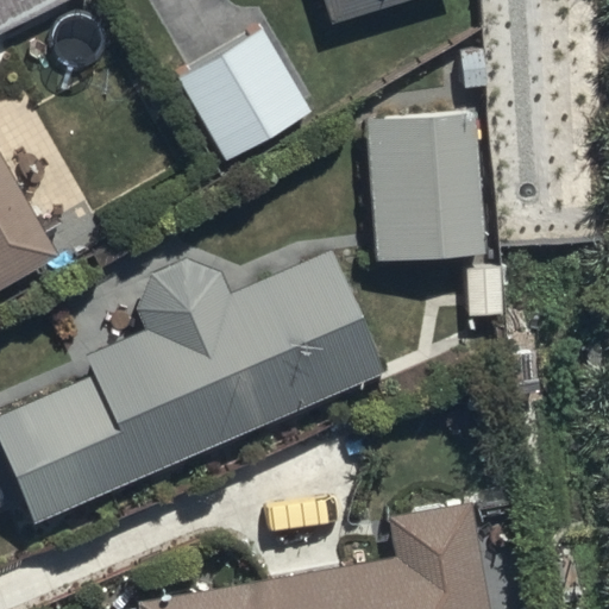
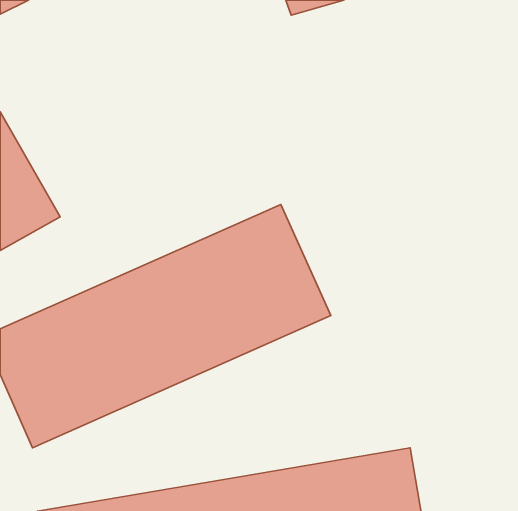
building: [169,24,307,161] -> none
building: [358,106,477,257] -> none

